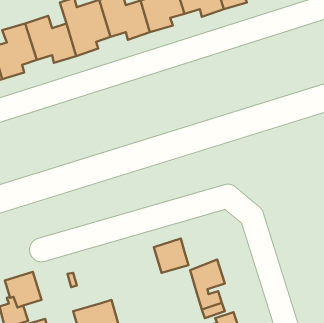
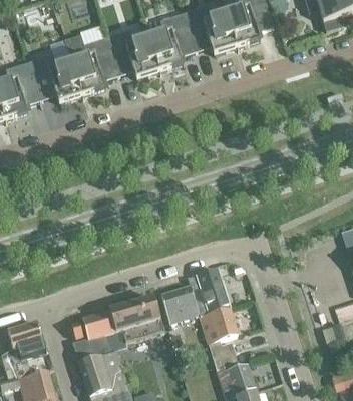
building: none -> [189,267,229,318]
building: none -> [72,296,166,359]

